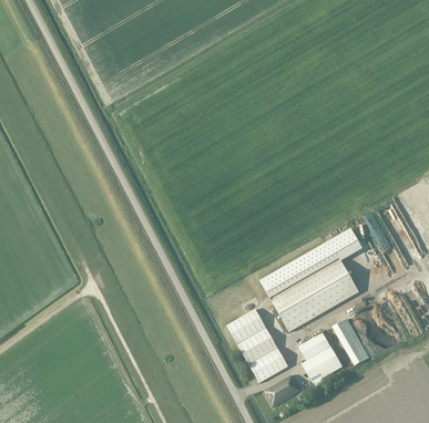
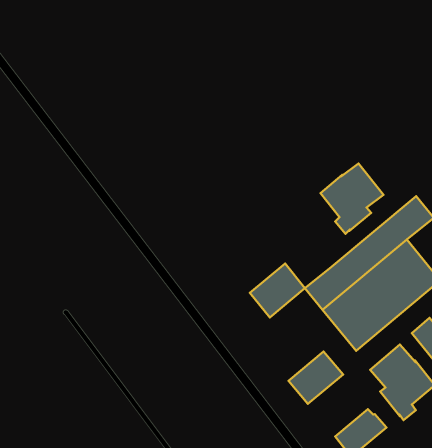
building: none -> [320,164,383,234]
building: [226,308,266,344] -> [250,264,305,317]
building: [248,347,288,382] -> none

